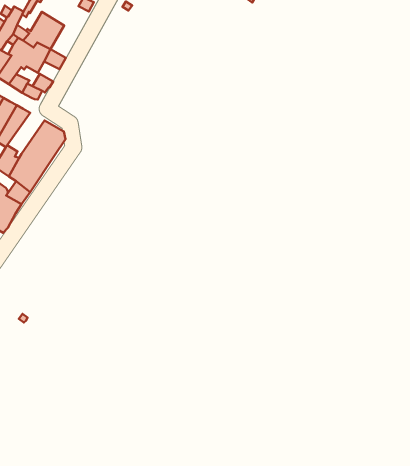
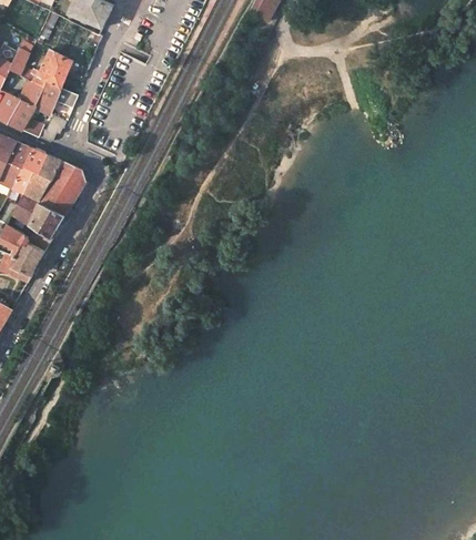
building: none -> [23,155,60,198]

